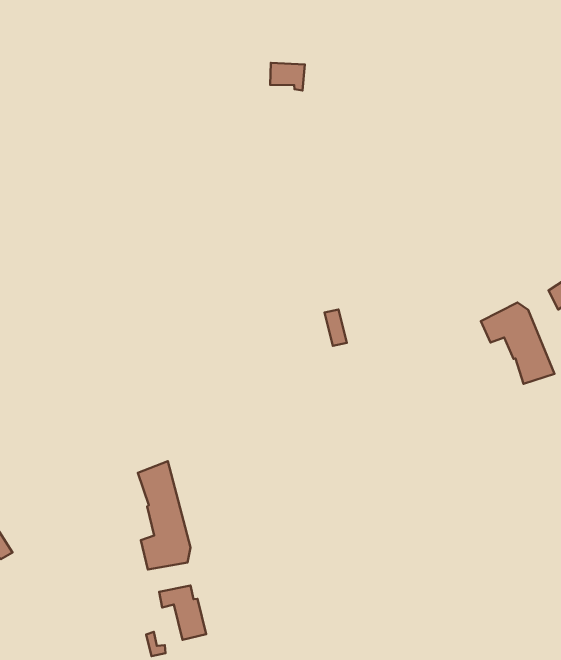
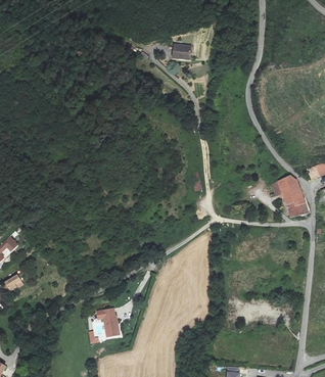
building: [138,461,191,569] -> none

